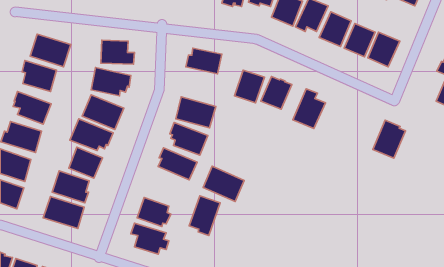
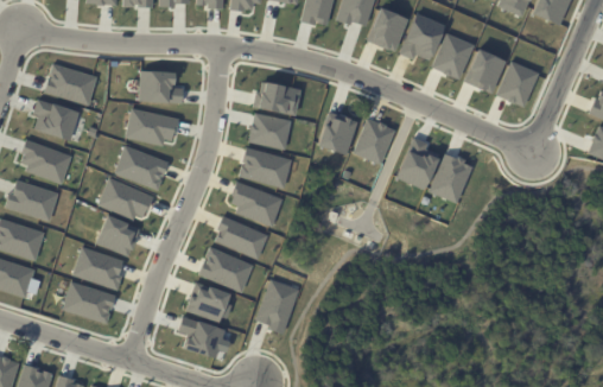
building: none -> [248,112,291,148]
building: [373,120,405,158] -> [429,151,472,202]
building: [203,166,244,202] -> [198,245,253,292]

